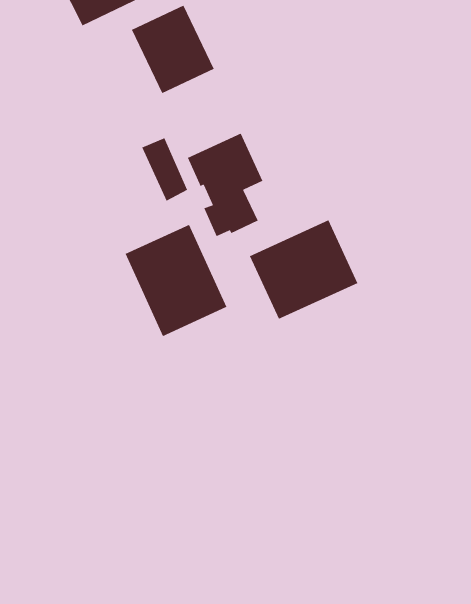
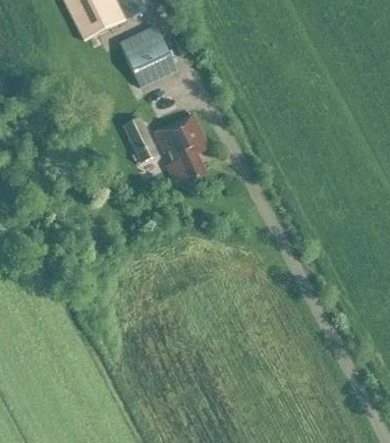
building: [249,219,359,320] -> none
building: [125,224,228,337] -> none

